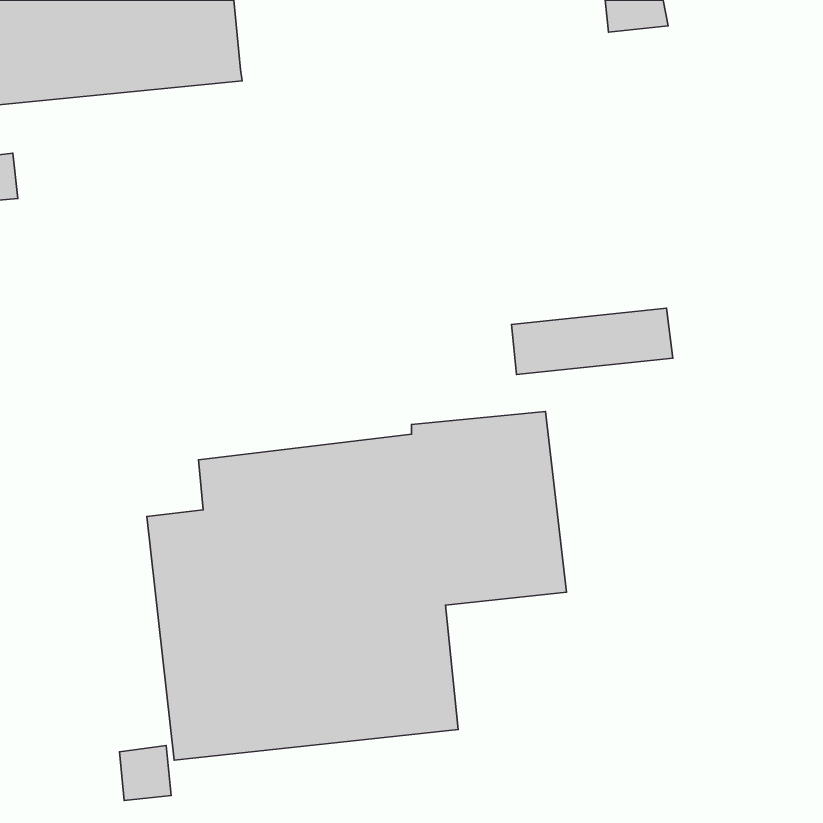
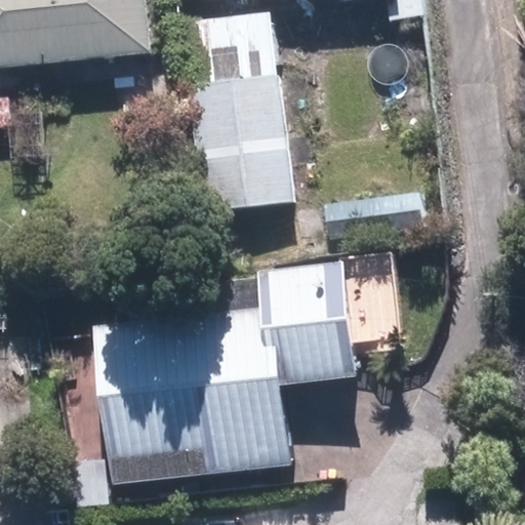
building: none -> [173,12,294,209]

